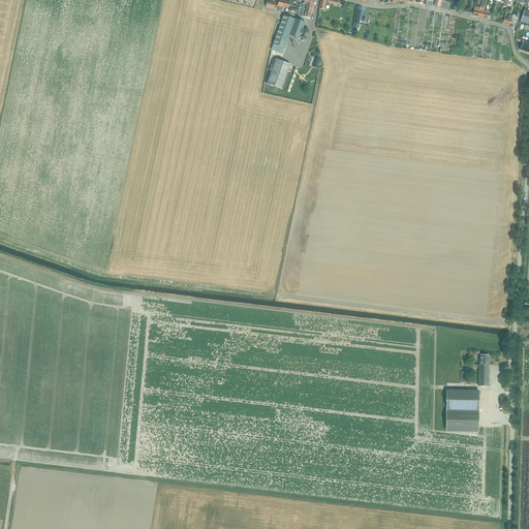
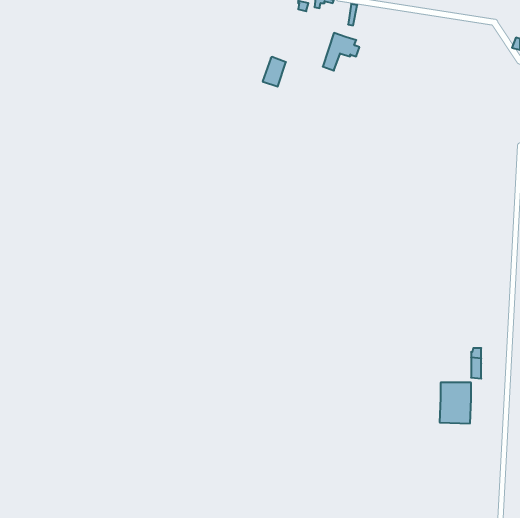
building: [272,13,309,52] -> [323,33,359,71]

